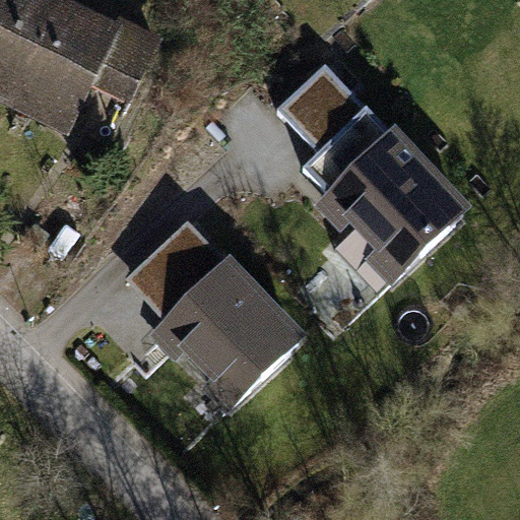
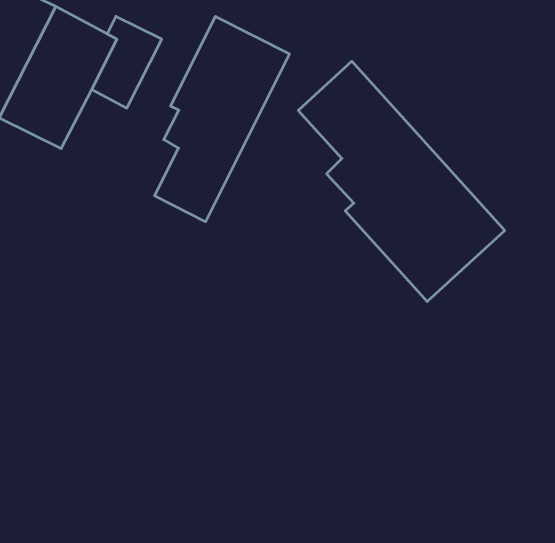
building: none -> [155,16,289,222]
building: [131,221,299,404] -> none

